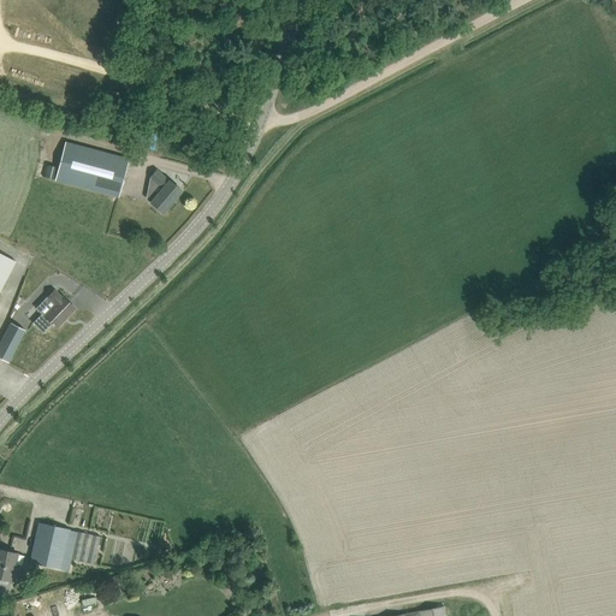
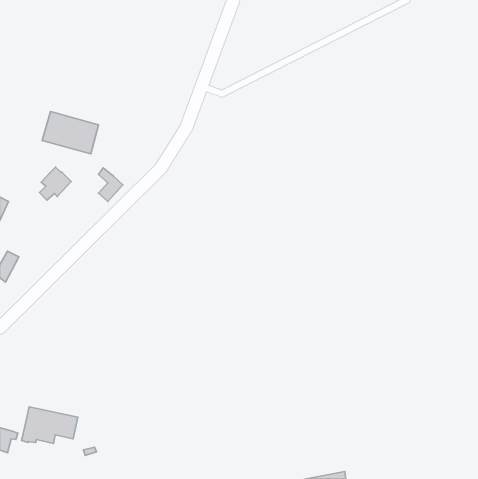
building: [149,170,180,213] -> [98,168,123,202]
building: [32,290,73,332] -> [39,167,71,200]

